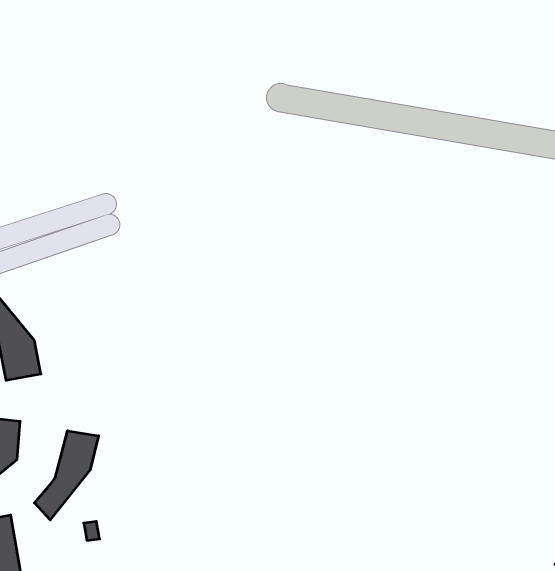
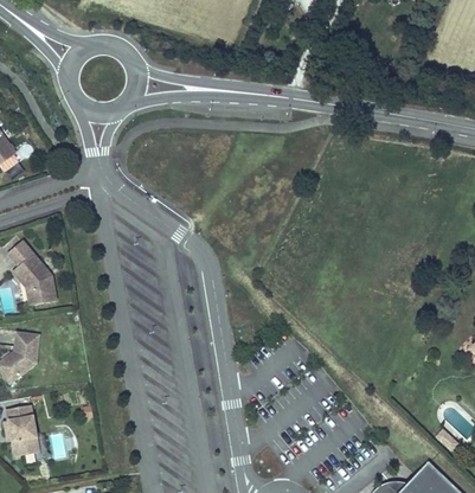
building: [34,431,99,520] -> none

